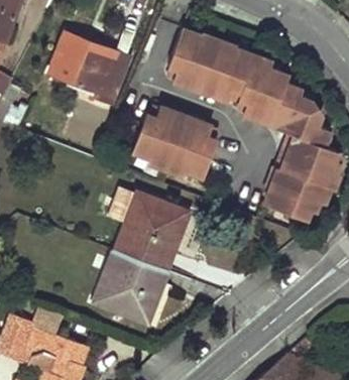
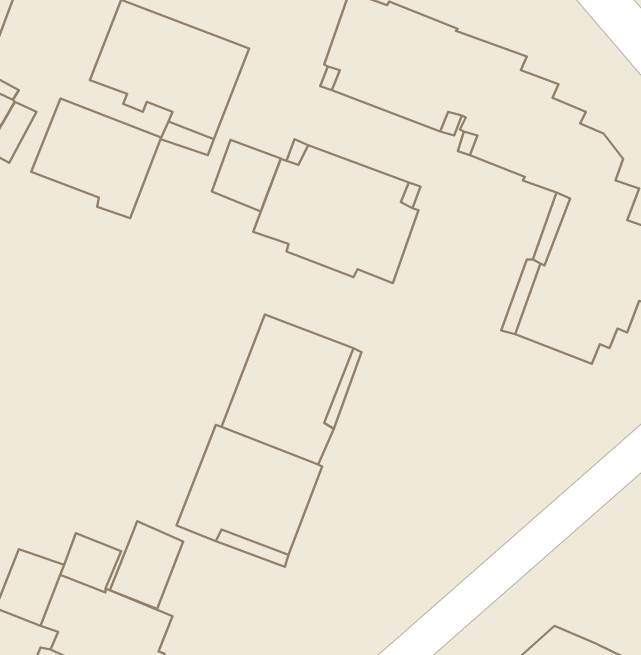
building: none -> [31,98,161,218]
building: none -> [212,140,281,212]
building: none -> [110,521,183,609]

